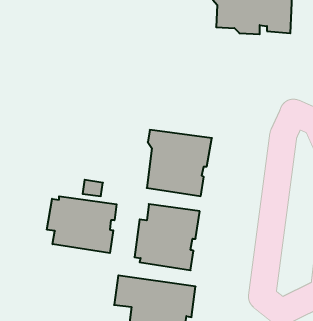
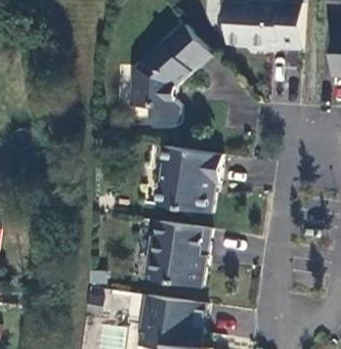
building: none -> [130,25,212,128]
building: [47,196,117,253] -> none

